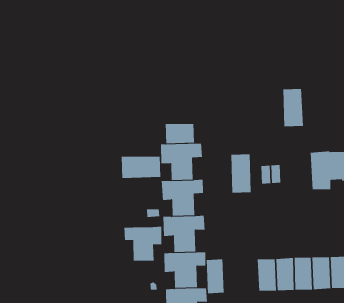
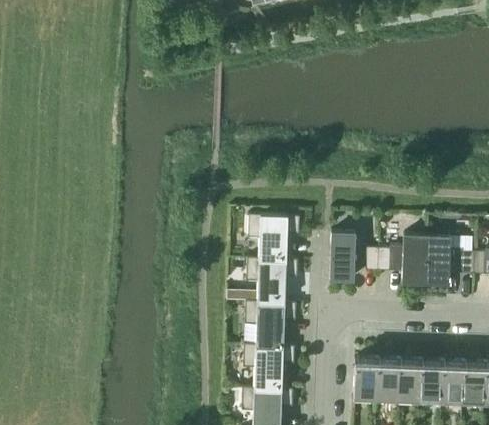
building: [283,89,304,127] -> [402,234,427,280]
building: [165,123,195,144] -> none
building: [121,156,161,179] -> none
building: [124,226,162,262] -> none
building: [206,258,224,294] -> none

